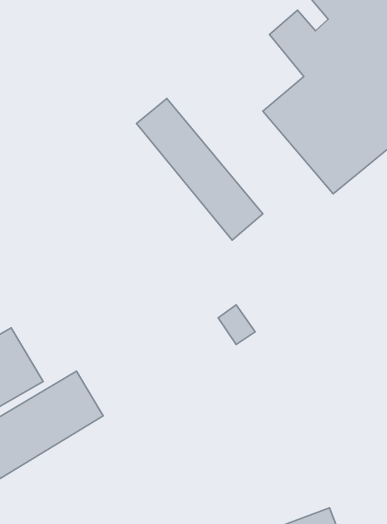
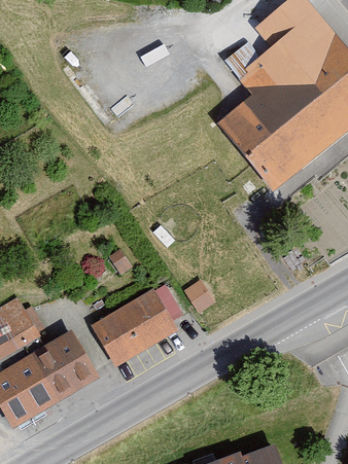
building: [136,98,263,240] -> none
building: none -> [93,289,172,359]

